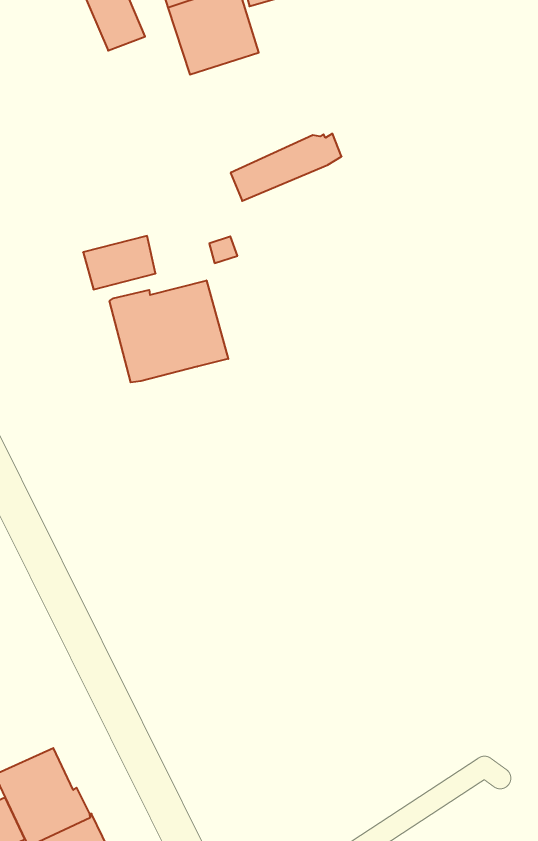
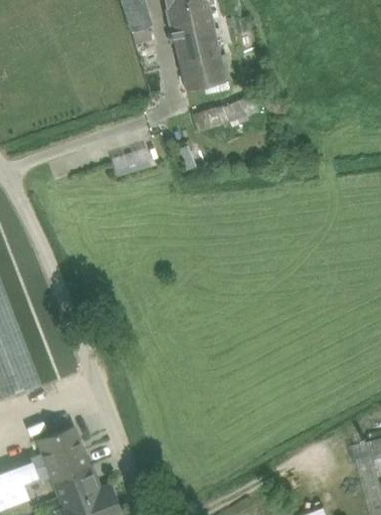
building: none -> [178,51,224,91]
building: [110,280,228,382] -> none

